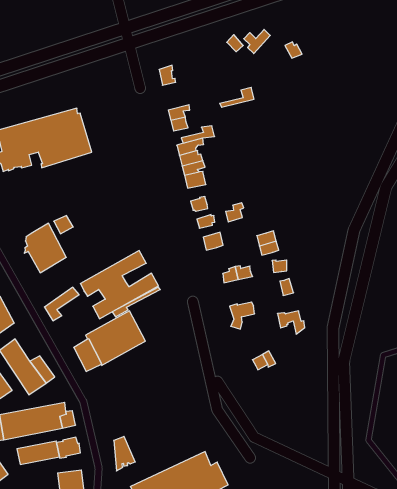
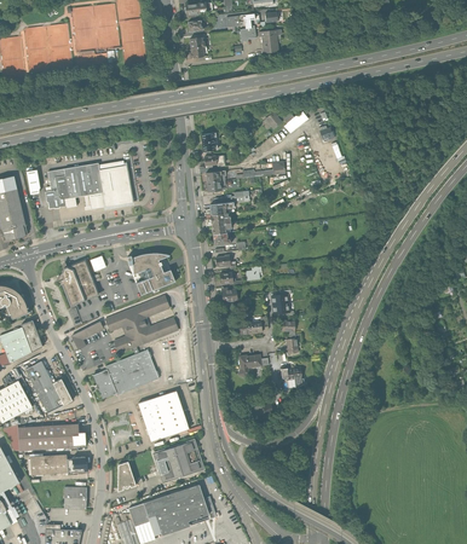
building: none -> [127,253,175,295]
building: none -> [138,392,189,441]
building: none -> [154,440,203,482]

